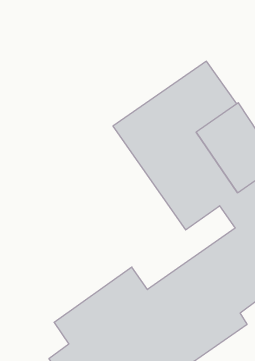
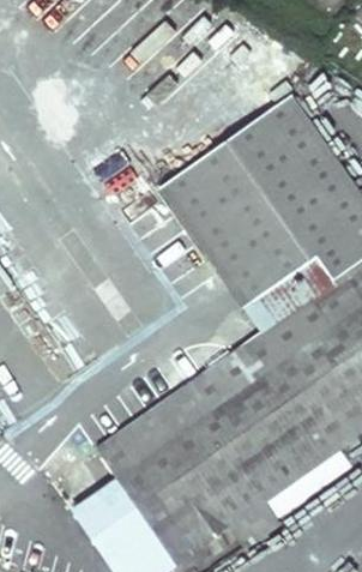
building: none -> [187,297,330,414]

